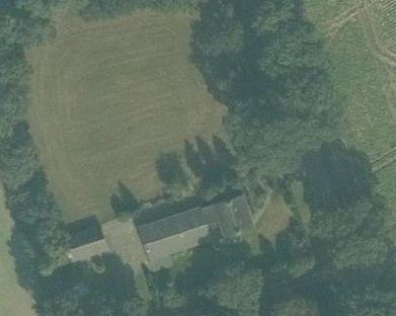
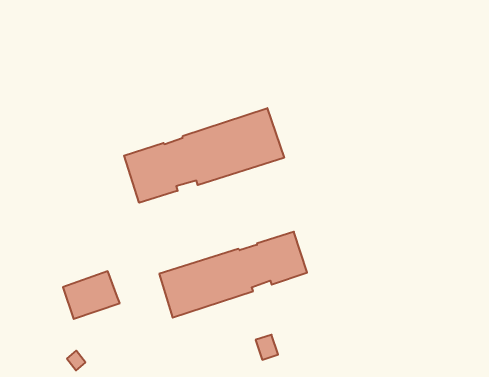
building: none -> [124,108,284,203]

